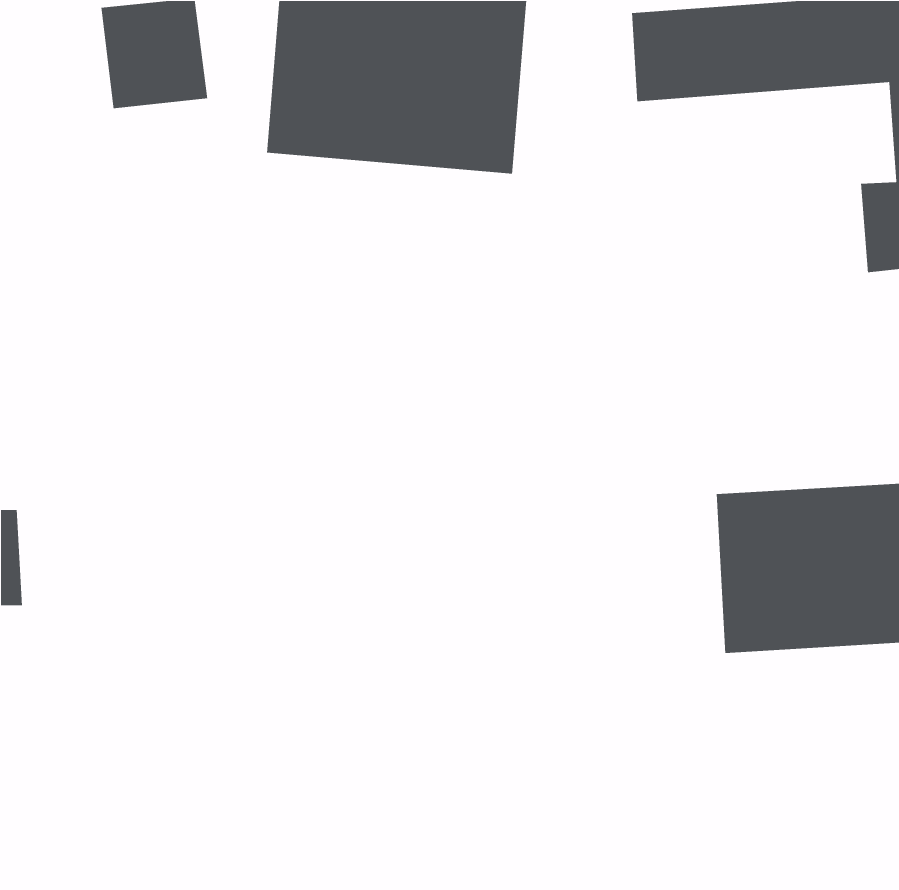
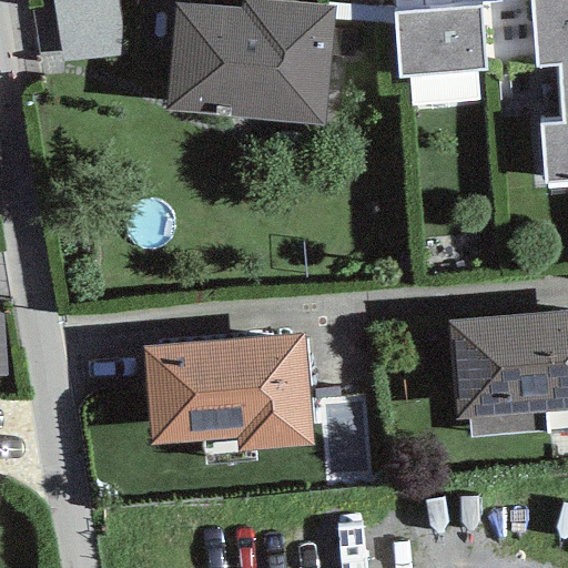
building: none -> [144,333,311,447]

